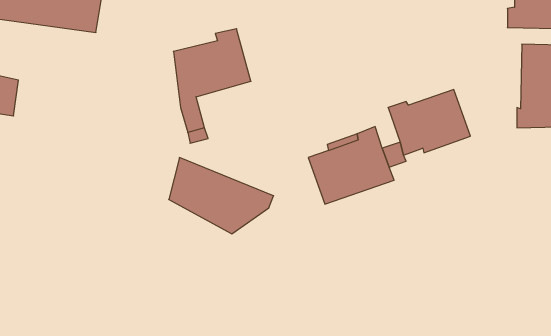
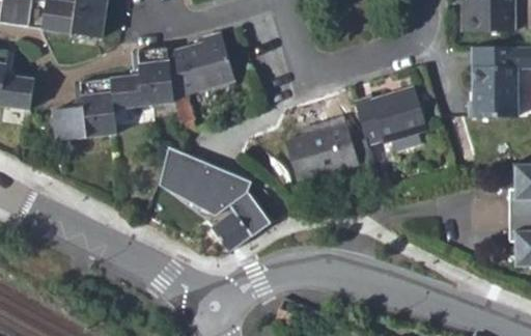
building: none -> [52,47,173,141]
building: none -> [209,190,274,250]

